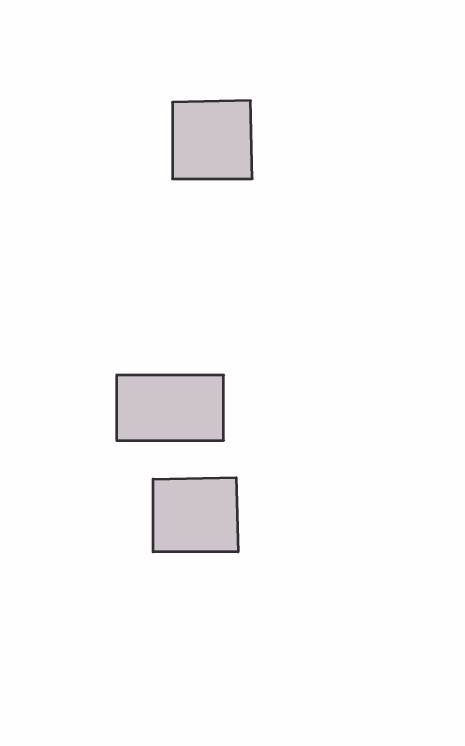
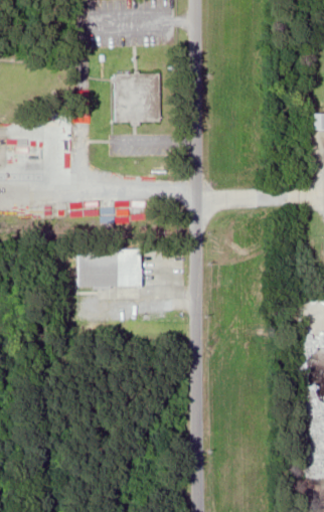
building: [153,478,238,552] -> none

